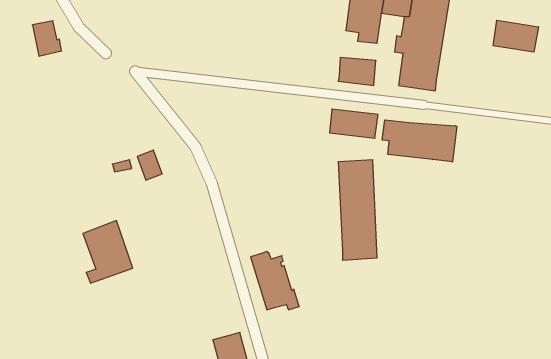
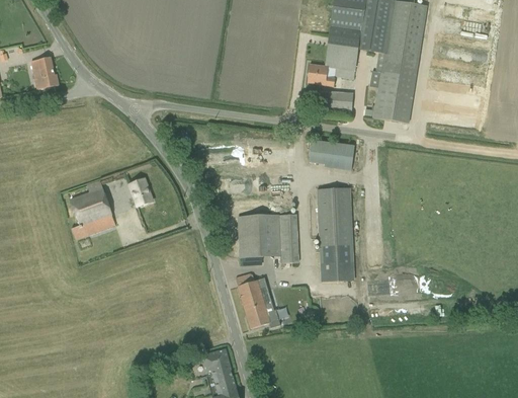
building: [493,20,538,52] -> none
building: none -> [308,64,337,86]
building: [382,120,457,162] -> none
building: none -> [239,214,299,265]
building: [83,221,133,283] -> [69,180,115,239]

